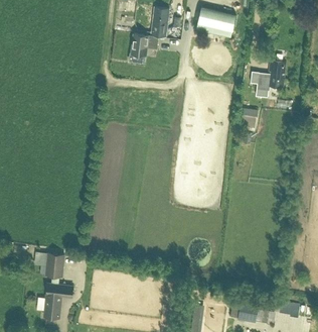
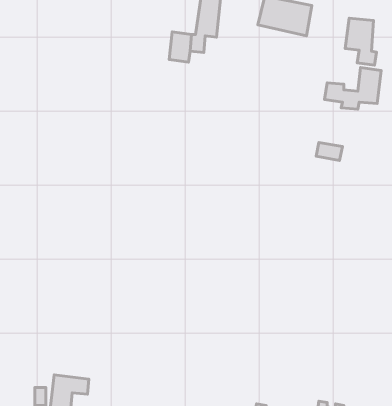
building: none -> [345,18,377,65]
building: [44,252,64,278] -> none

